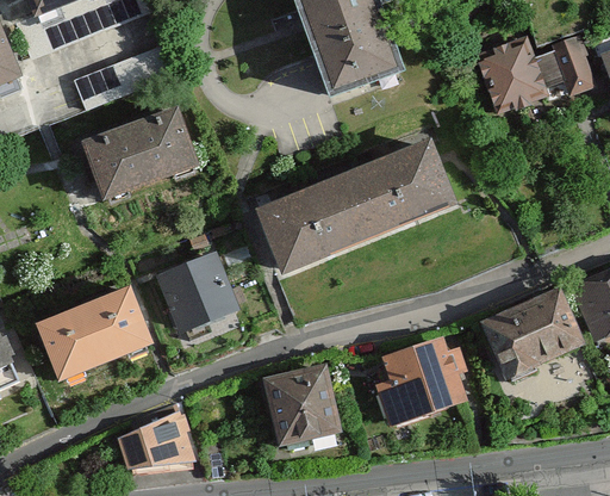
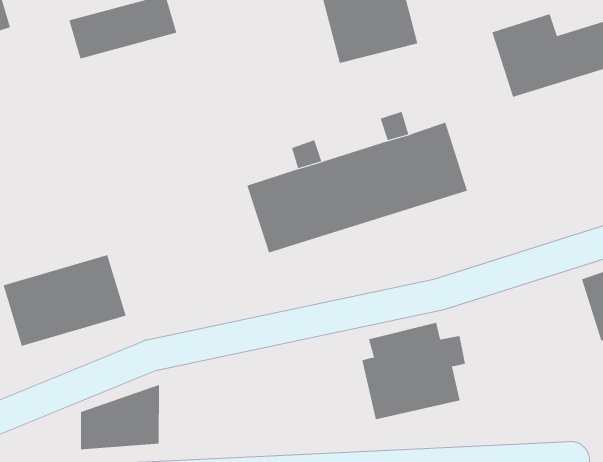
building: [77,105,198,200] -> none
building: [152,250,243,340] -> none
building: [477,280,585,377] -> none
building: [259,358,338,448] -> none

